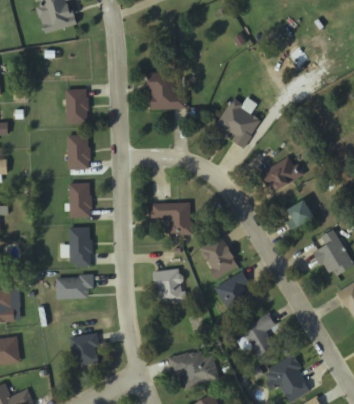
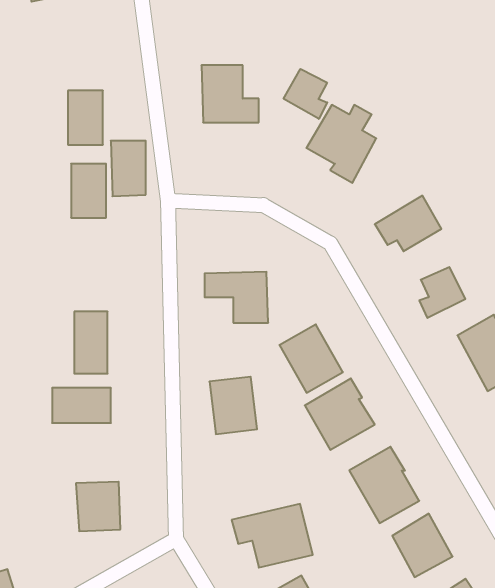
building: none -> [284,69,327,119]
building: [68,183,90,218] -> [111,141,146,196]

